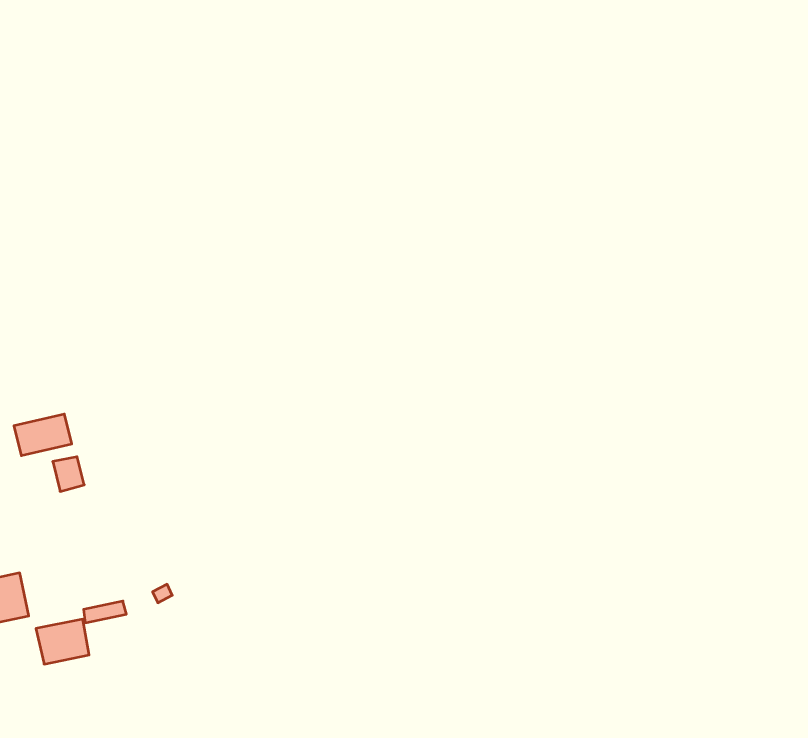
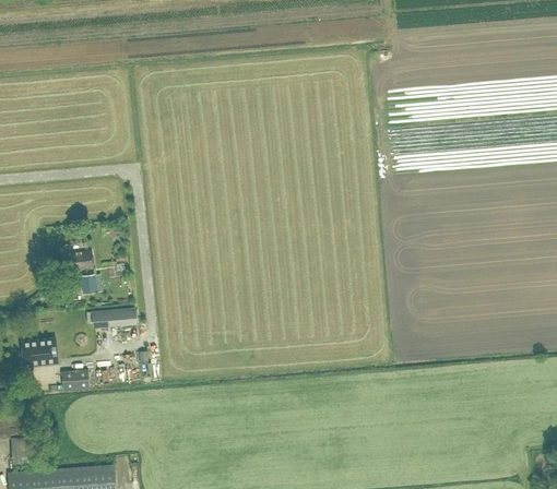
building: none -> [87,307,138,329]

